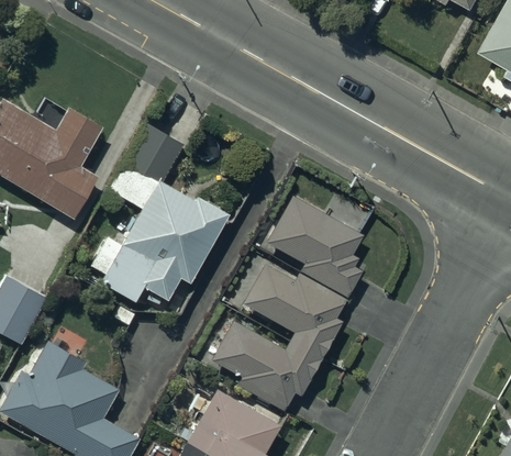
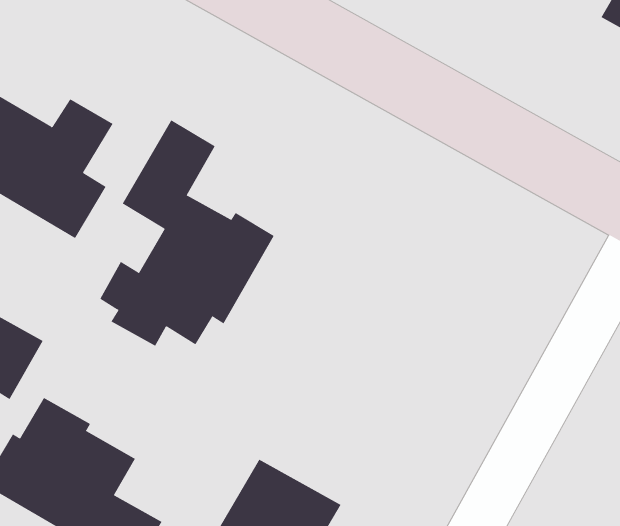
building: [212,198,363,410] -> none

